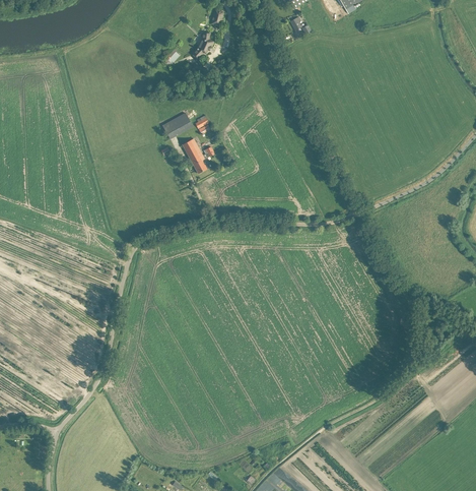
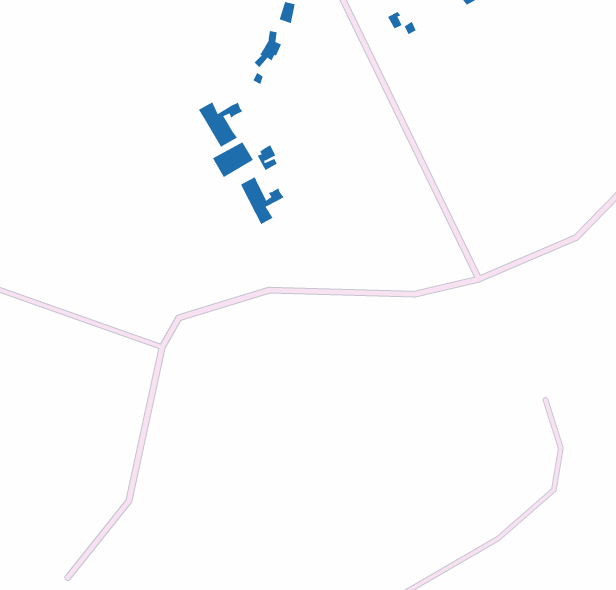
building: none -> [198,102,243,148]

